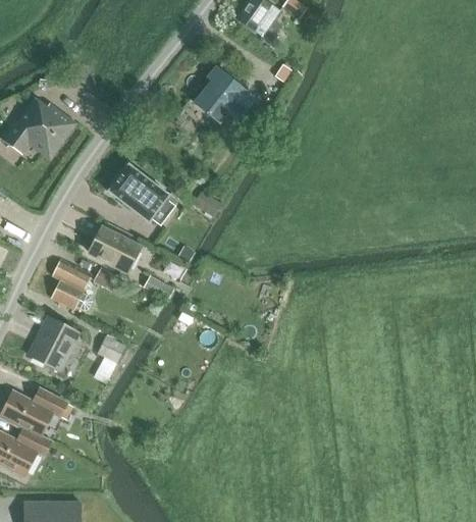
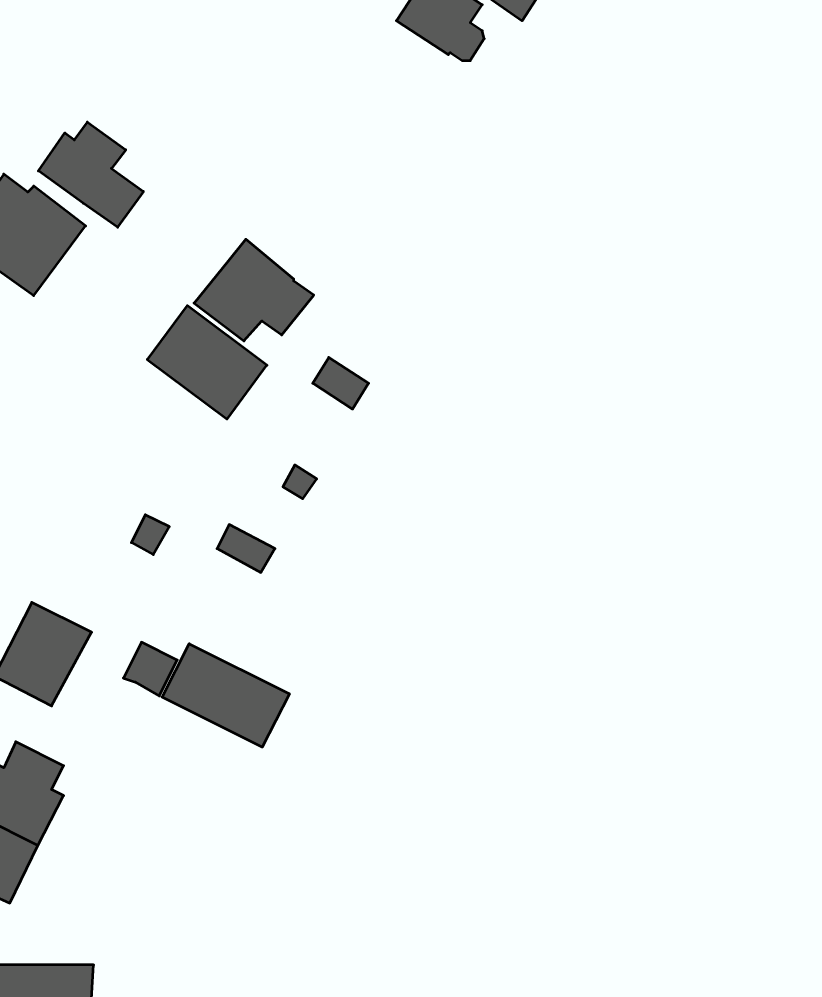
building: none -> [38,122,143,227]
building: [194,70,255,122] -> [194,239,314,341]
building: [89,226,136,270] -> none
building: [51,258,93,310] -> none
building: none -> [162,644,289,747]

